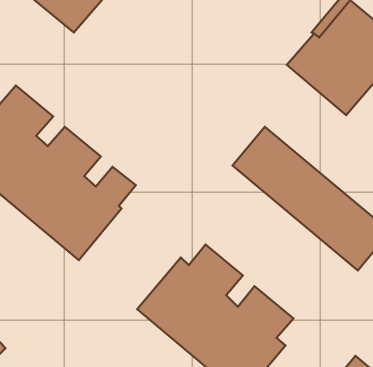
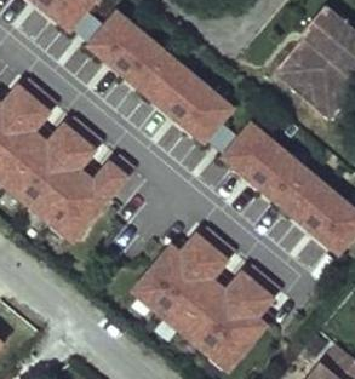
building: none -> [86,12,236,148]

